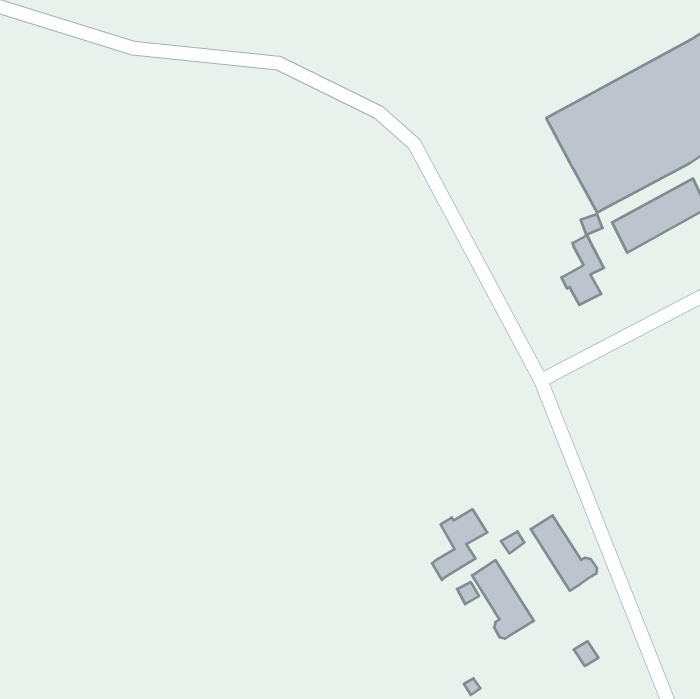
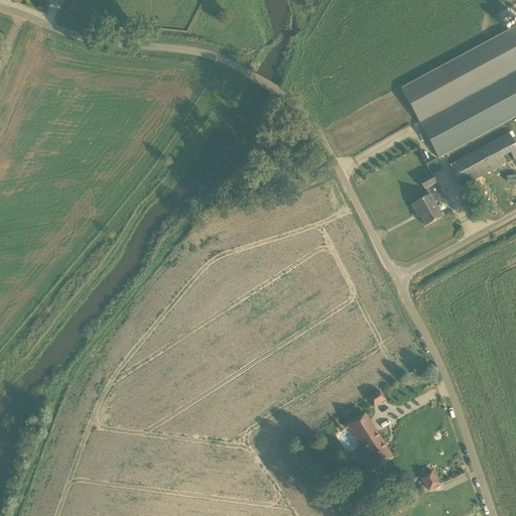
building: [432,509,487,580] -> none
building: [531,515,597,591] -> none

